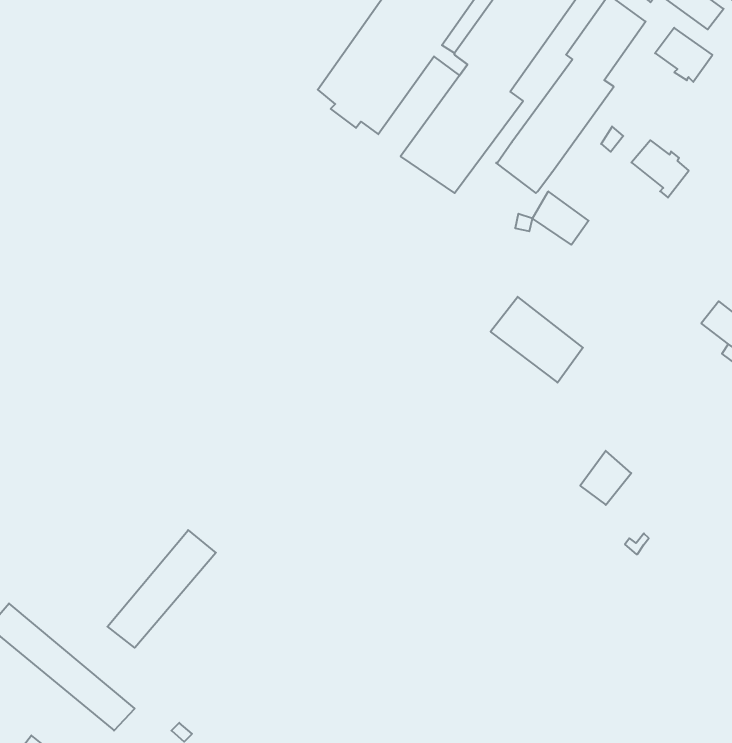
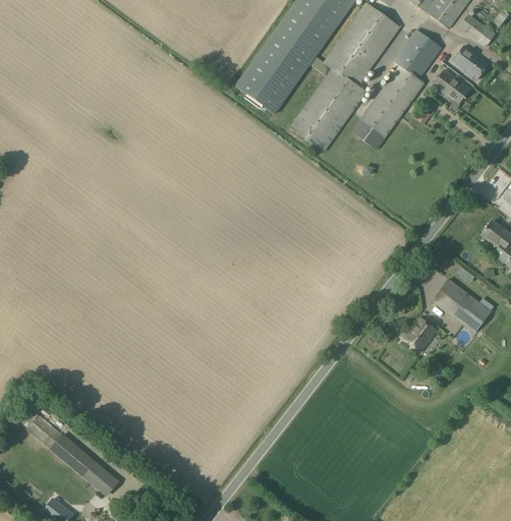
building: [631,140,689,198] -> [433,69,469,106]
building: [533,191,589,245] -> none
building: [491,297,583,383] -> [432,278,491,333]
building: [107,530,216,648] -> none

